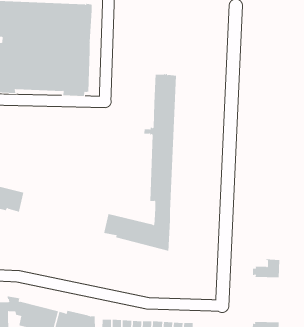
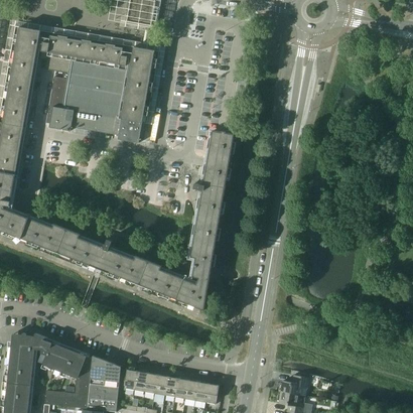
building: none -> [57,231,147,284]
building: [252,259,280,278] -> [278,374,308,395]

